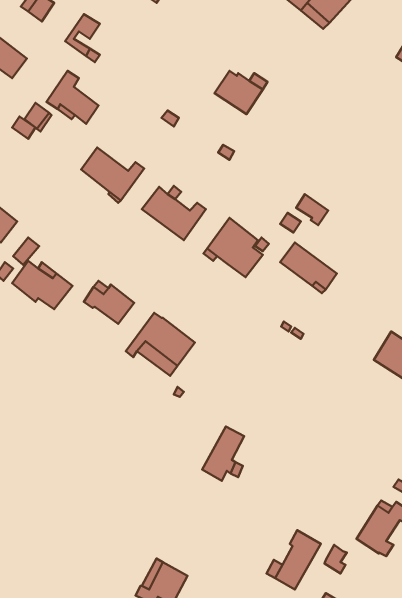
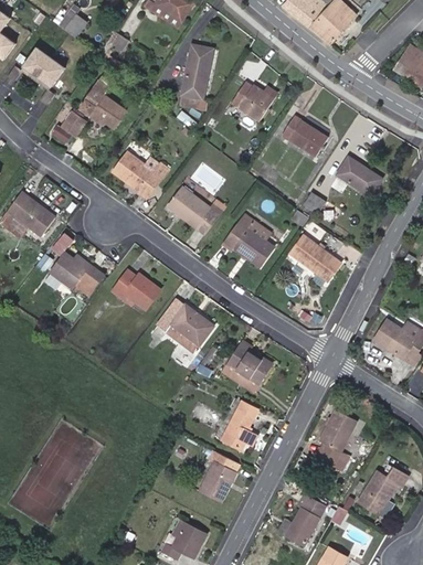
building: none -> [180,44,213,108]
building: none -> [282,115,328,157]
building: none -> [338,158,381,195]
building: none -> [222,340,273,393]
building: none -> [318,409,358,470]
building: none -> [199,450,240,501]

